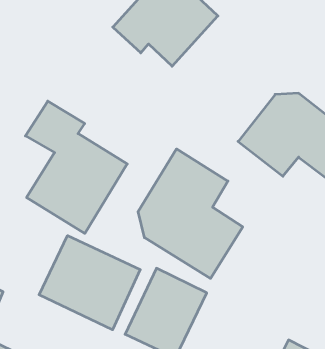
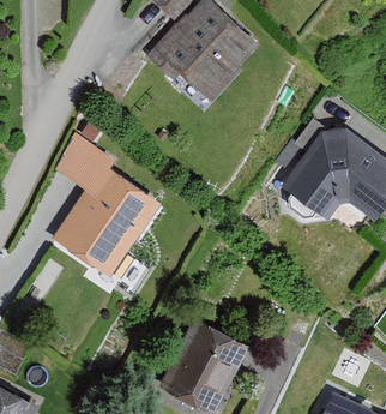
building: [138,149,243,278] -> none
building: [39,236,140,330] -> none

